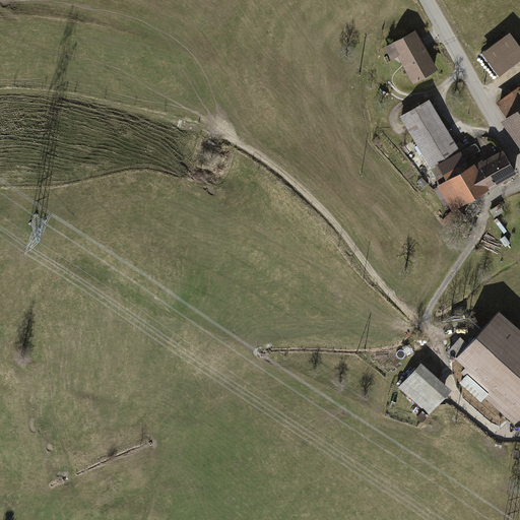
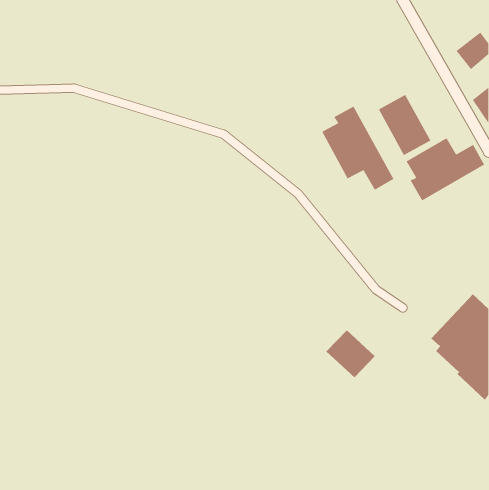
building: [392,30,436,80] -> none
building: none -> [321,106,394,191]
building: [399,362,452,413] -> [326,329,375,378]

